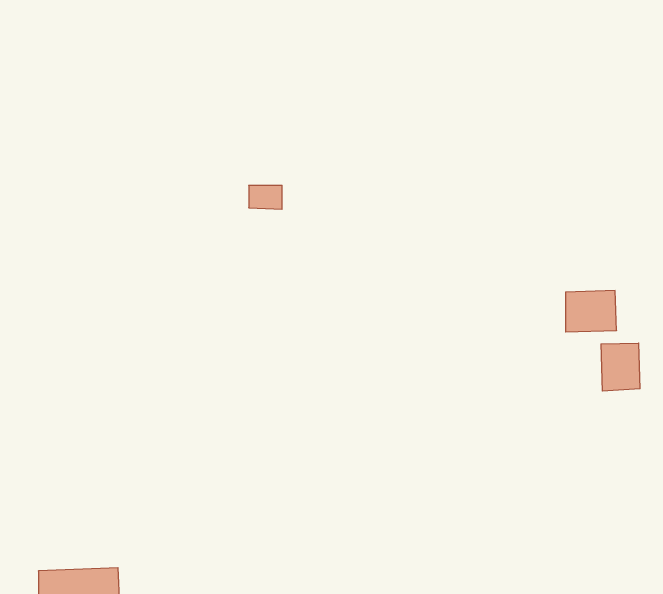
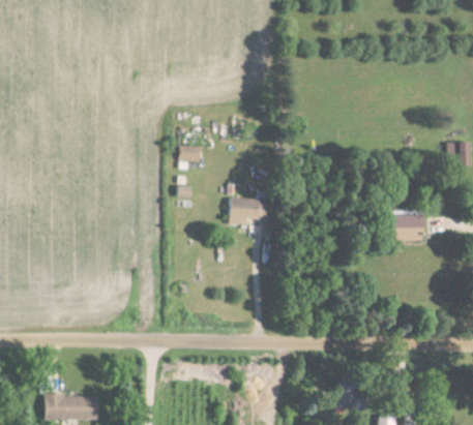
building: none -> [230,200,265,224]
building: [601,343,640,391] -> none

